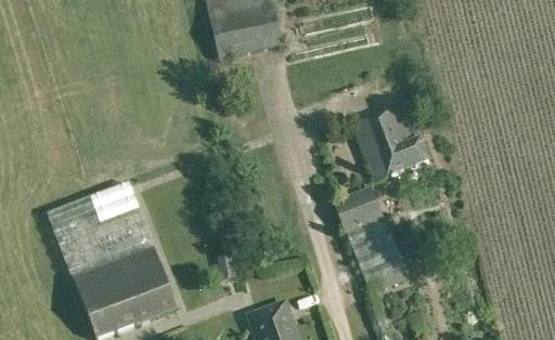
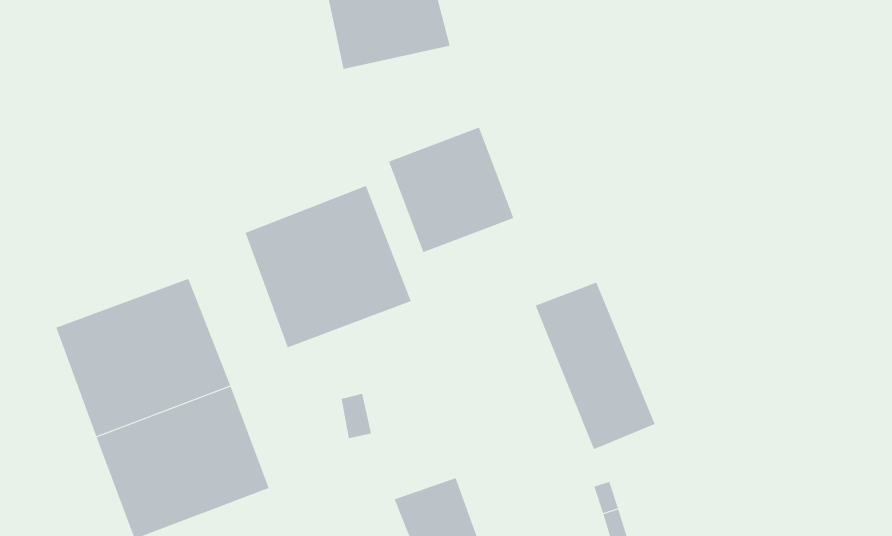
building: [353,104,428,179] -> [388,127,514,253]
building: none -> [245,185,411,348]

